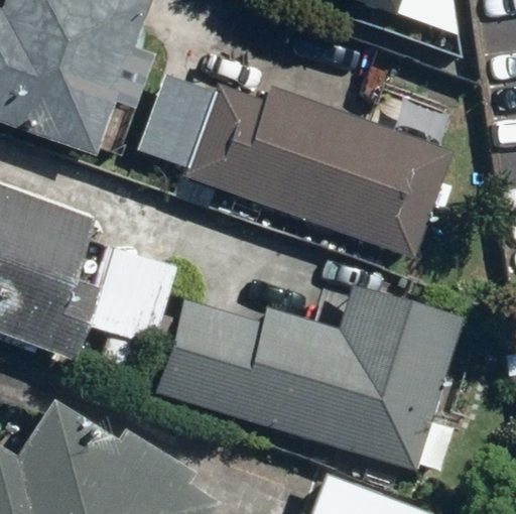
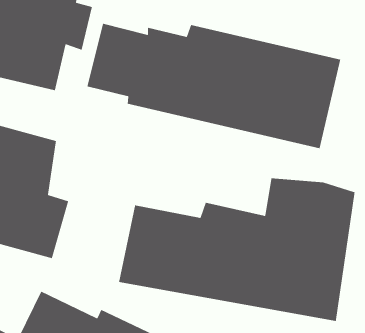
building: [93,249,176,347] -> none

